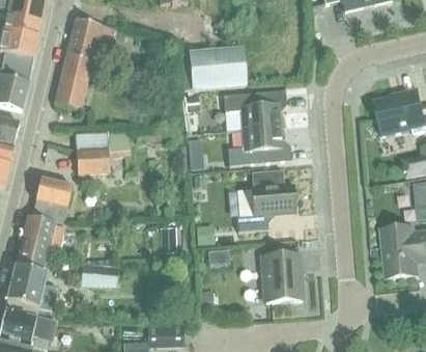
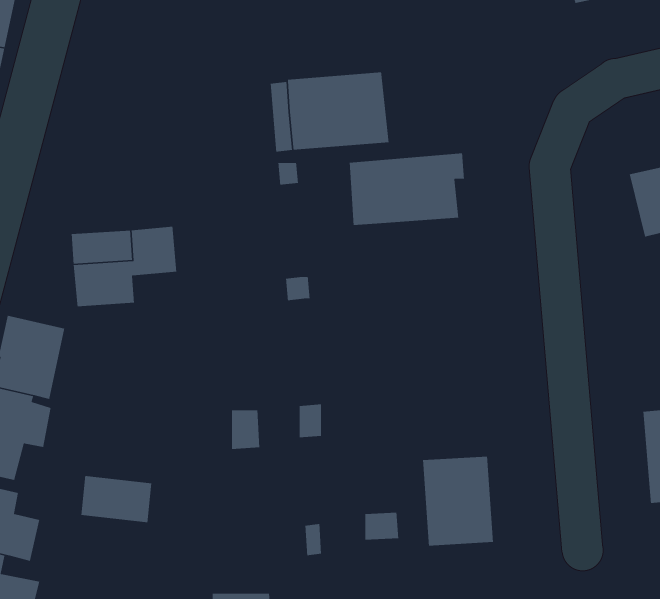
building: [54,17,117,109] -> none
building: [228,125,291,164] -> none
building: [236,168,295,231] -> none

